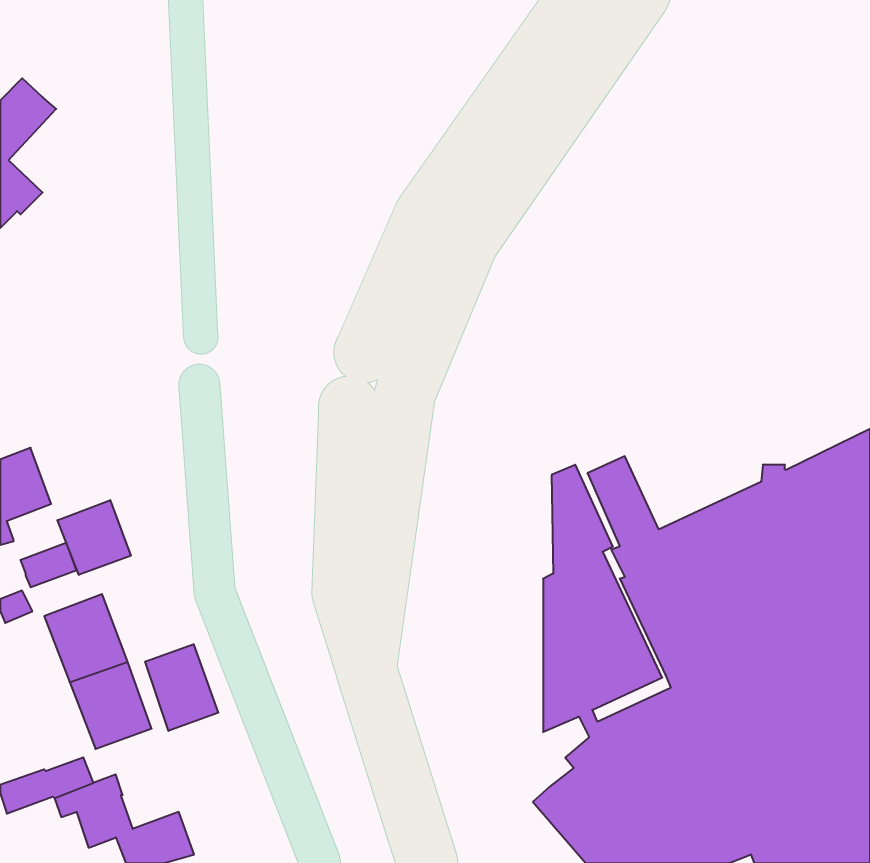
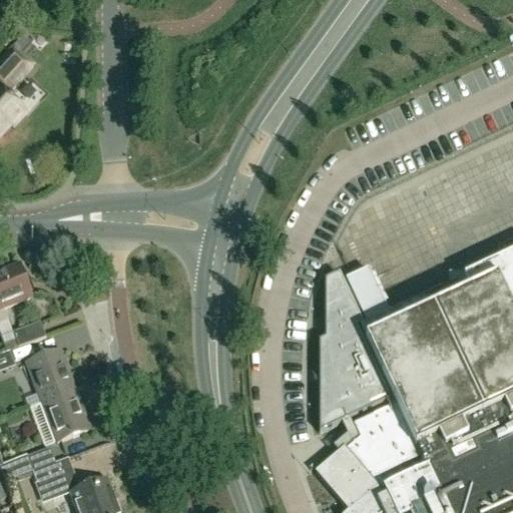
building: [57,500,131,575] -> none
building: [145,644,218,731] -> none

